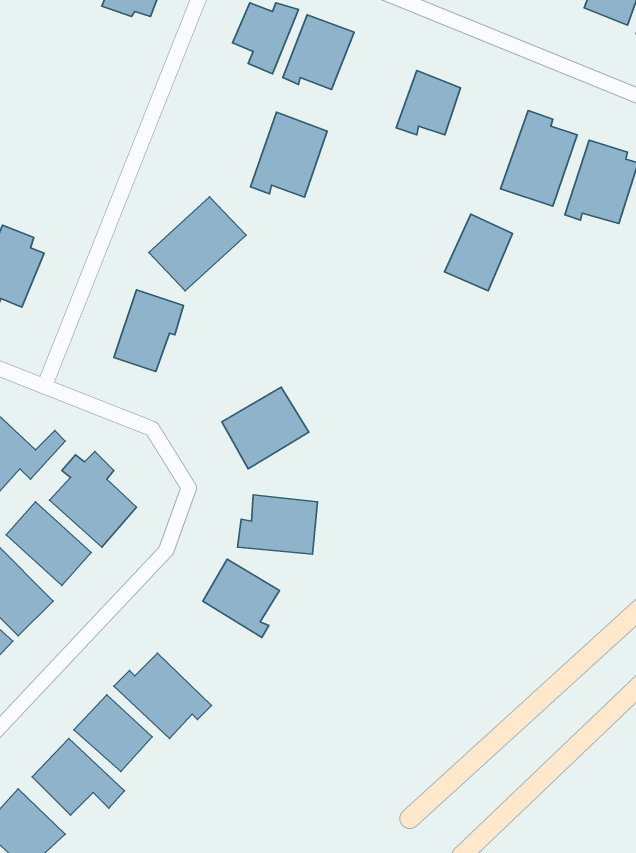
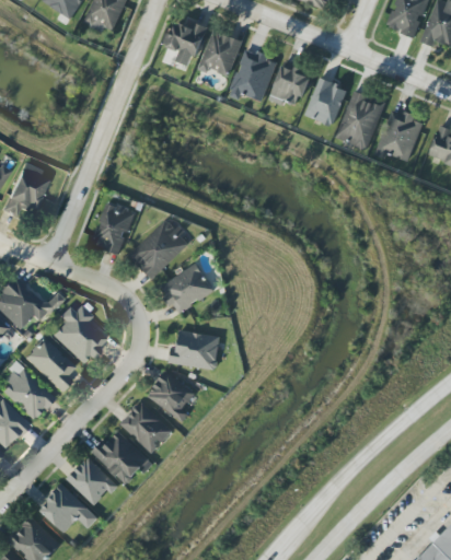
building: [250,112,327,197] -> [229,48,277,102]
building: [149,197,246,291] -> [128,220,189,279]
building: [445,214,513,291] -> [304,78,347,126]
building: none -> [122,401,173,453]

